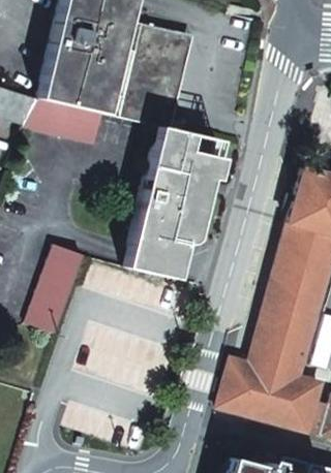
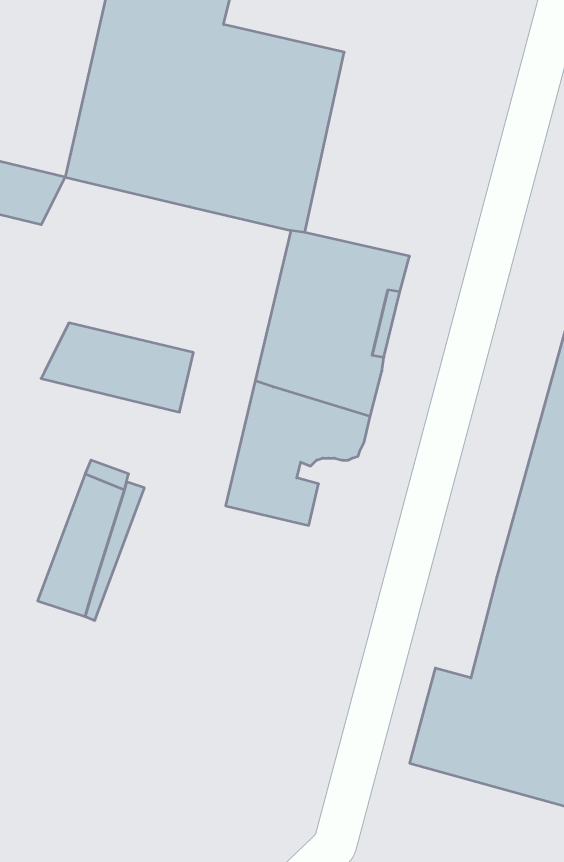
building: [25,99,104,146] -> [41,323,193,412]

